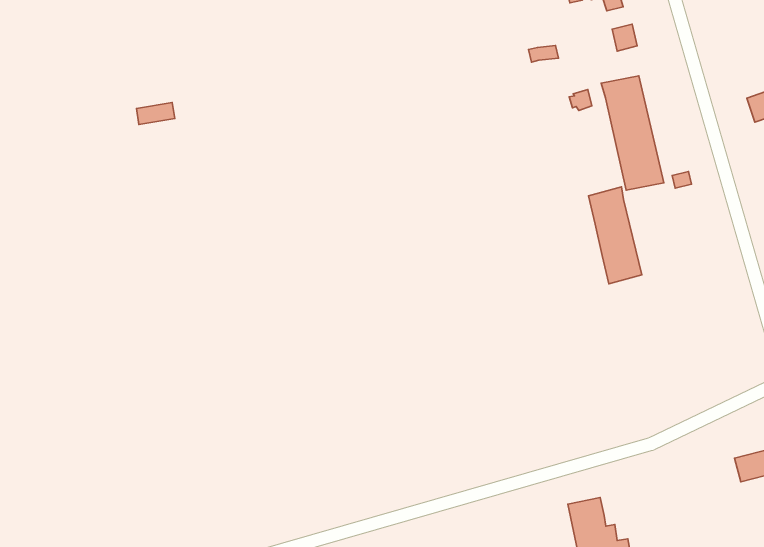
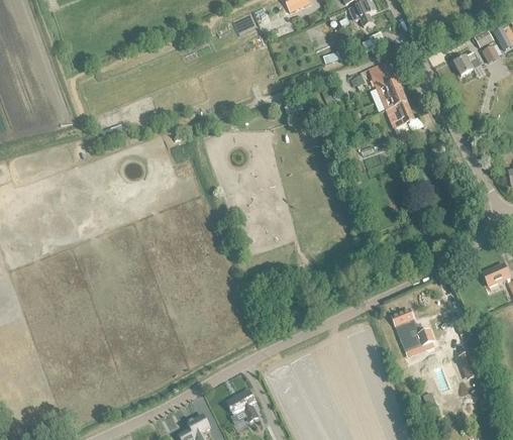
building: [588,187,642,284] -> none

